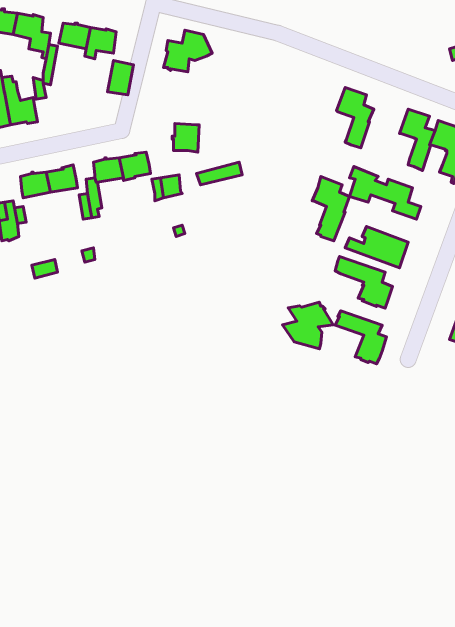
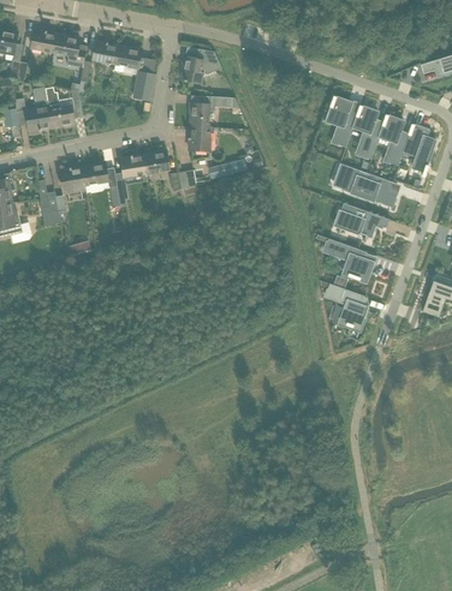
building: none -> [189,96,231,127]
building: [312,176,349,241] -> [351,105,382,159]
building: [282,302,333,349] -> none

